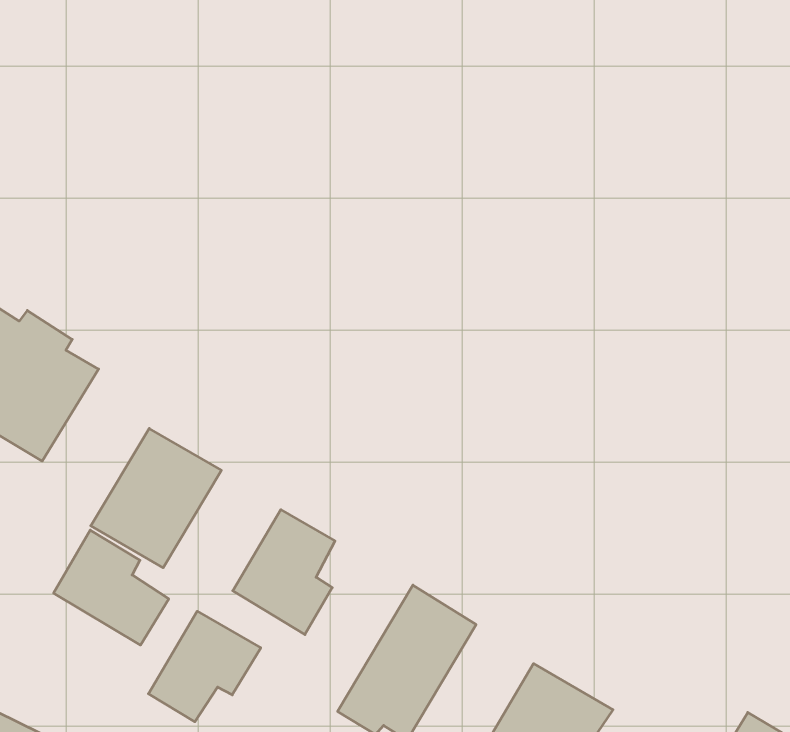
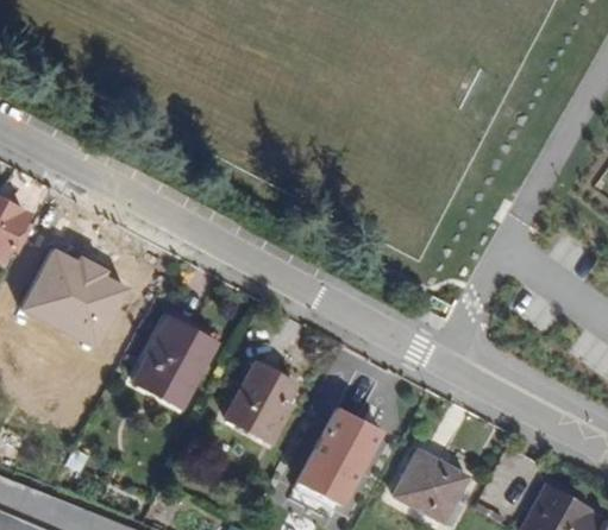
building: [54,530,169,645] -> none
building: [148,611,261,722] -> none

